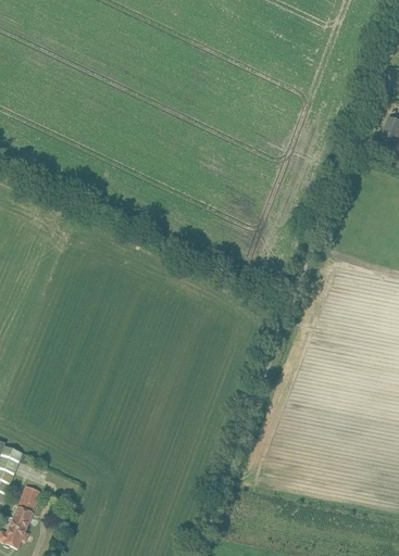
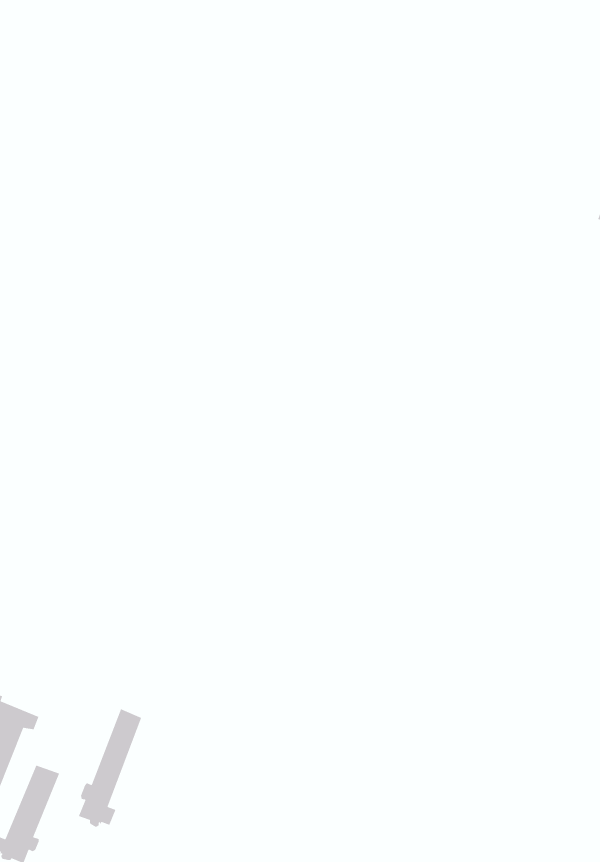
building: none -> [78,708,142,828]

